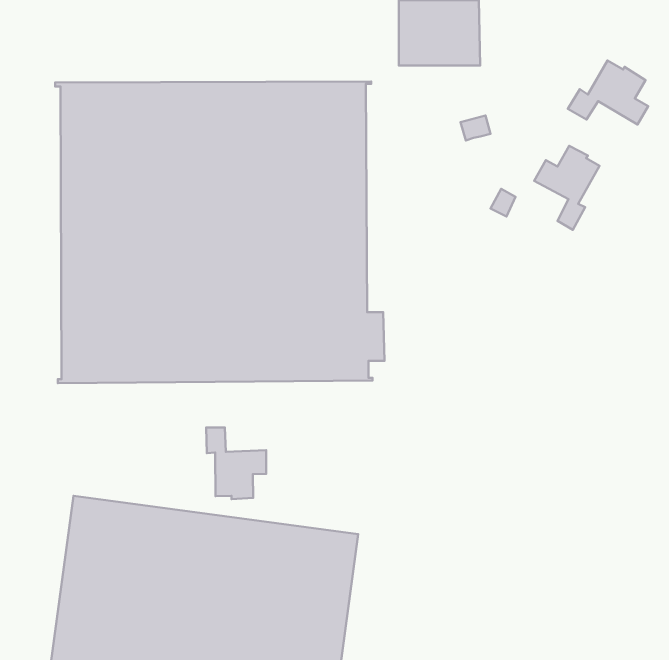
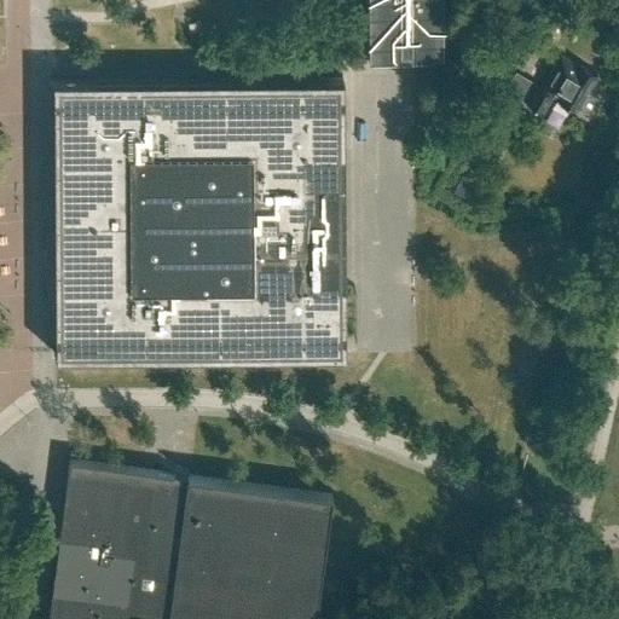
building: [534,146,600,230] -> none
building: [206,427,266,499] -> none

